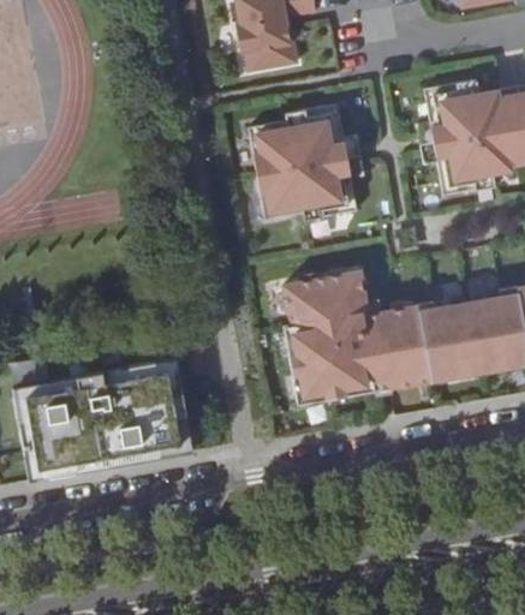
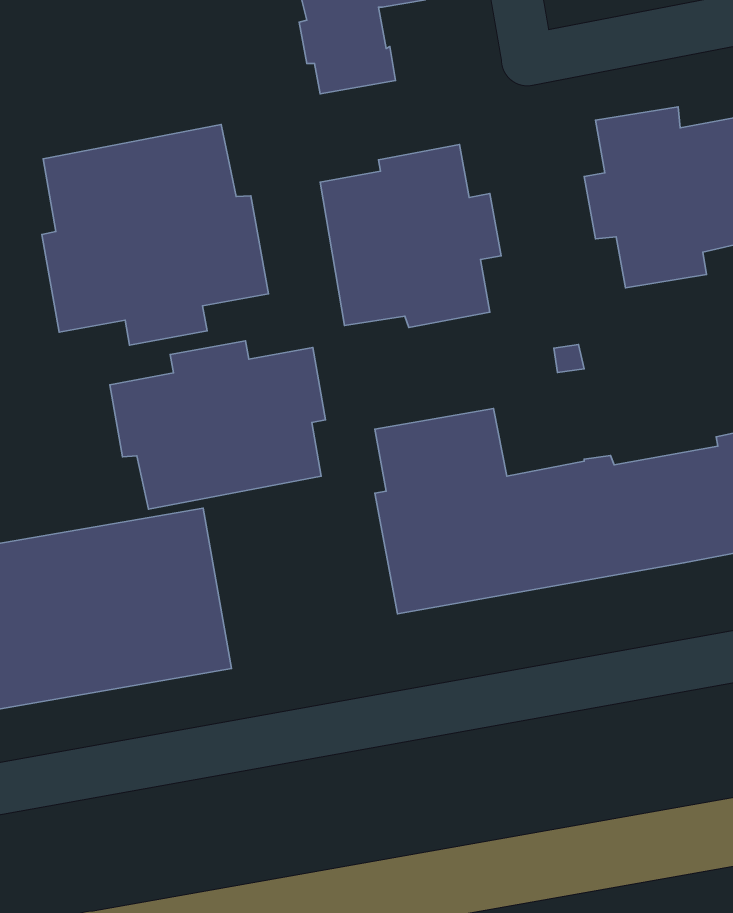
building: none -> [42,125,268,345]
building: none -> [110,341,325,509]

